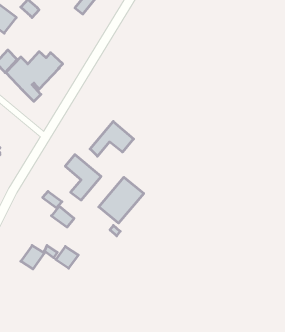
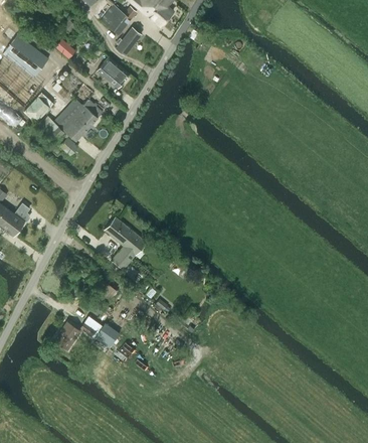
building: none -> [97,56,129,88]
building: [90,121,134,156] -> none
building: [99,177,144,223] -> none

